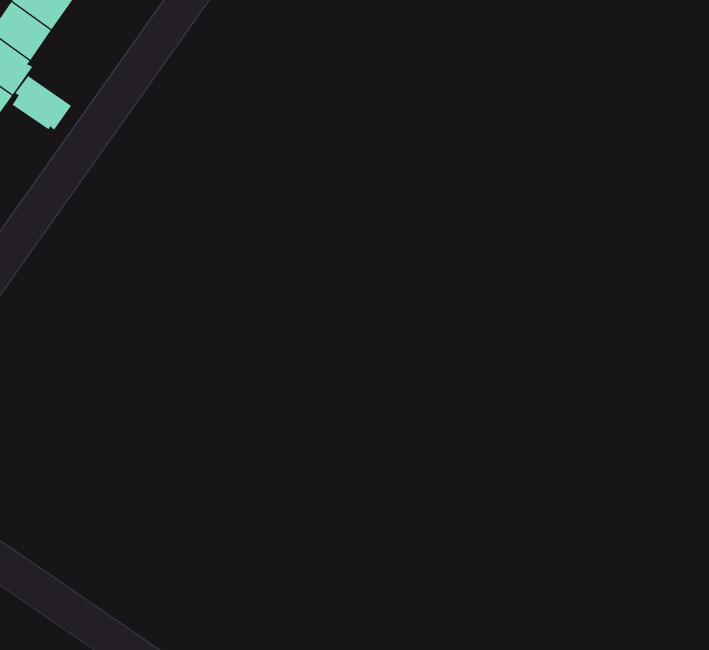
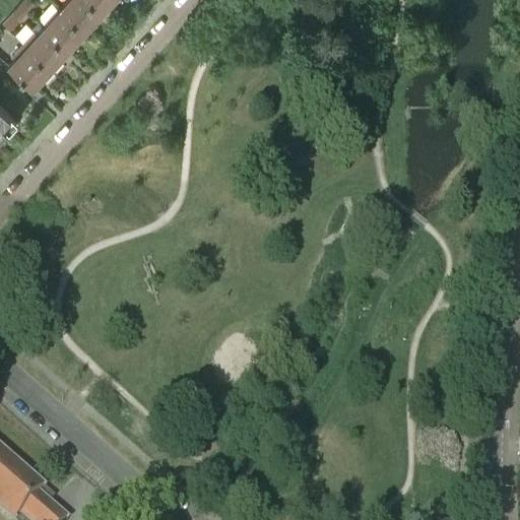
building: [12,75,72,130] -> none

